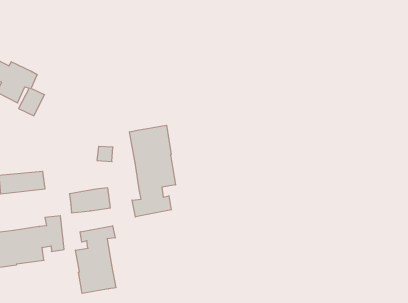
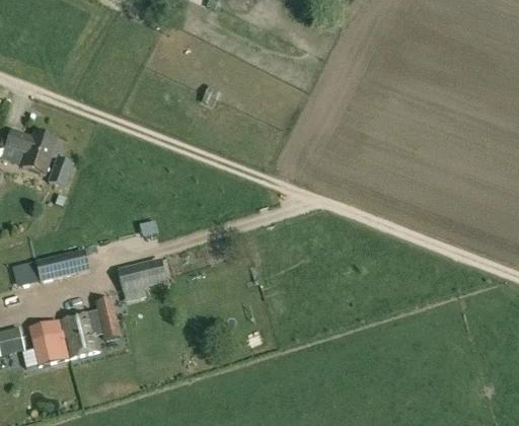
building: [130,125,176,217] -> none
building: [75,226,116,293] -> none

